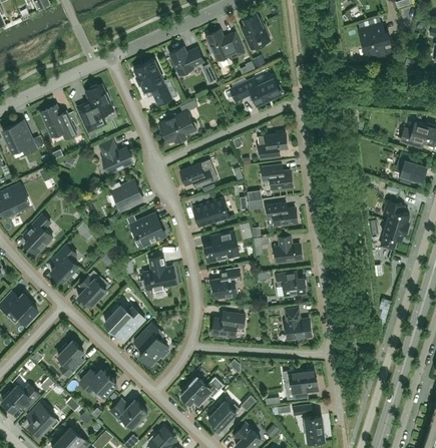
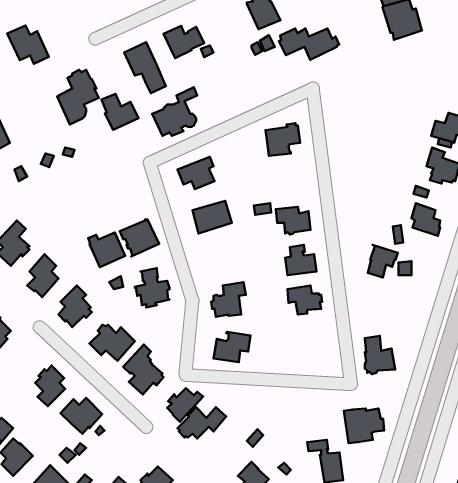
building: [205,30,245,61] -> none
building: [231,78,283,105] -> [279,28,339,60]
building: [41,106,77,139] -> [7,25,49,64]
building: [100,141,132,172] -> [101,94,139,130]
building: [263,164,293,189] -> none
building: [111,180,143,210] -> [88,233,125,267]
building: [381,221,407,250] -> [368,245,398,277]
building: [205,233,237,262] -> none
building: [286,308,312,341] -> [365,336,395,374]
building: [283,370,318,400] -> [344,408,384,443]
building: [110,400,147,428] -> none
building: [208,402,240,431] -> [167,388,203,422]

